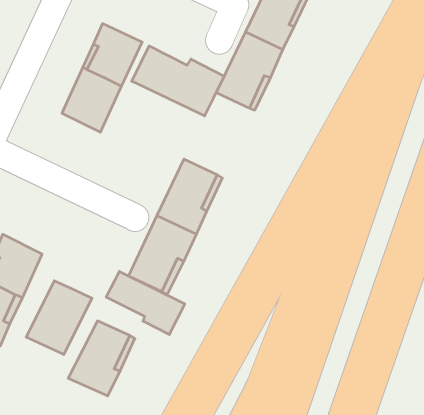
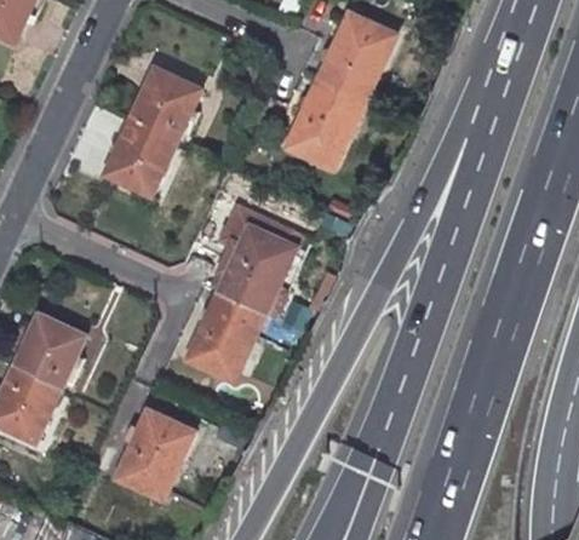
building: [132,46,224,116] -> none
building: [106,271,185,335] -> none
building: [26,281,92,355] -> none

